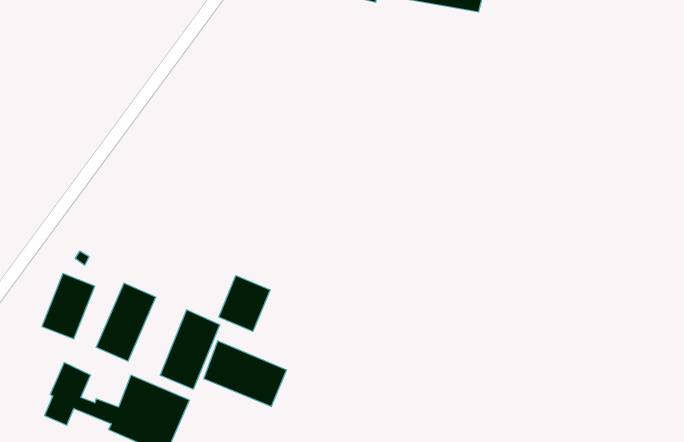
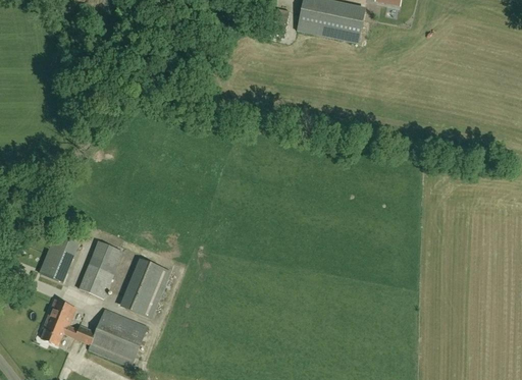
building: [219,276,270,331] -> none
building: [204,341,286,407] -> none

